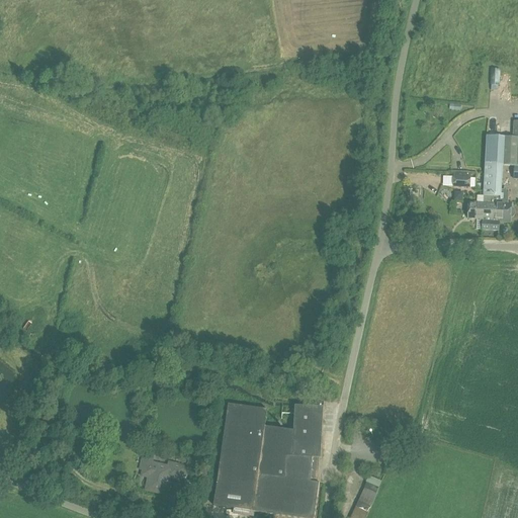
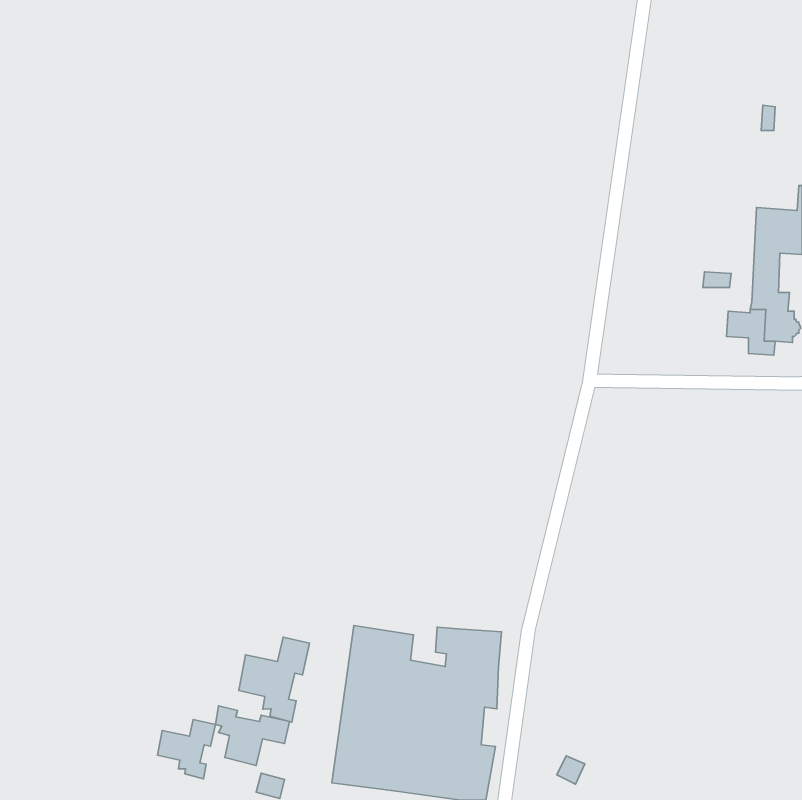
building: none -> [239,637,309,722]
building: none -> [158,719,215,779]

